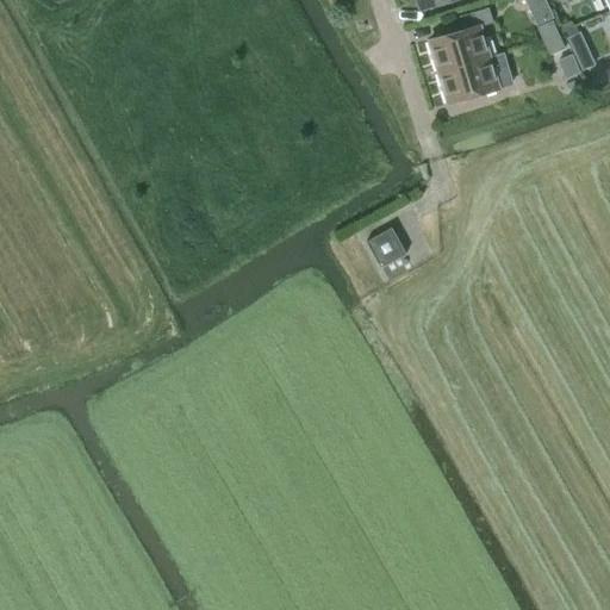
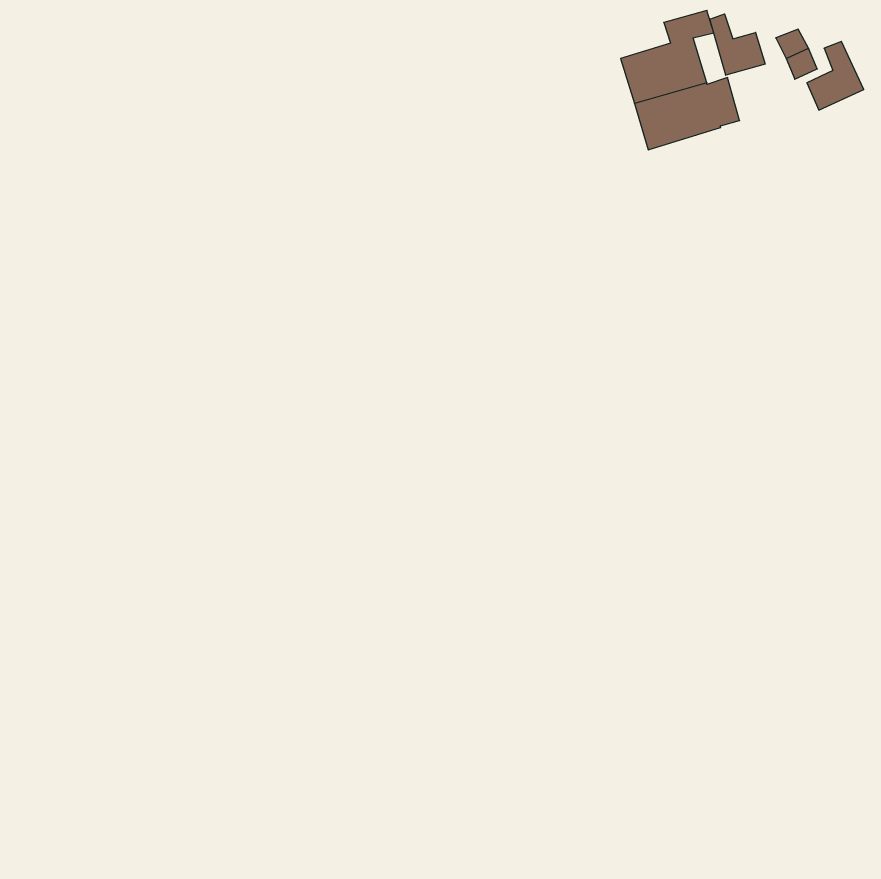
building: none -> [710,14,765,75]
building: [366,228,405,268] -> none

